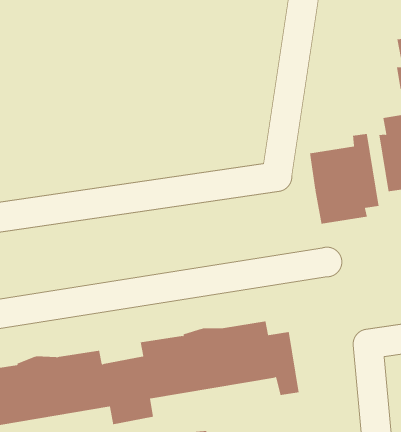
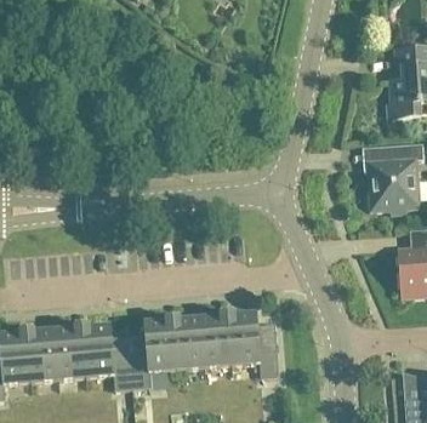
building: [310,133,379,225] -> none

